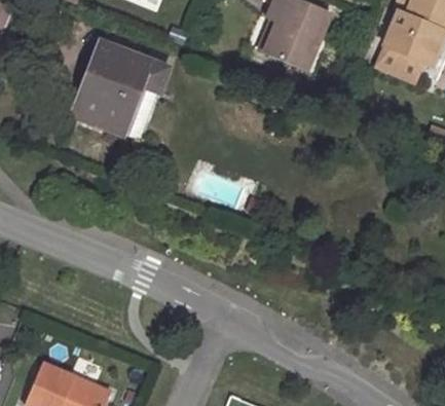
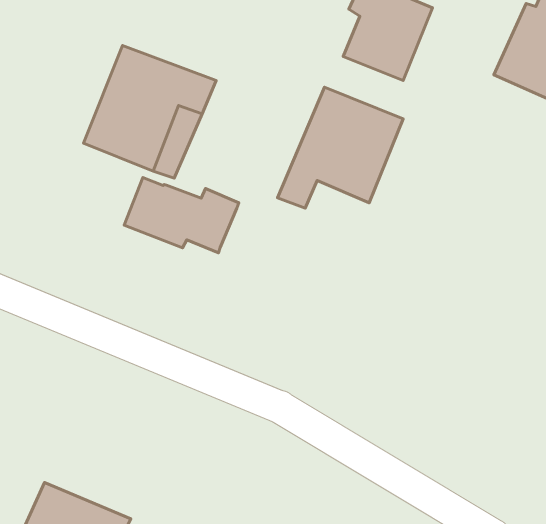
building: none -> [278,87,403,208]
building: none -> [124,177,239,253]

